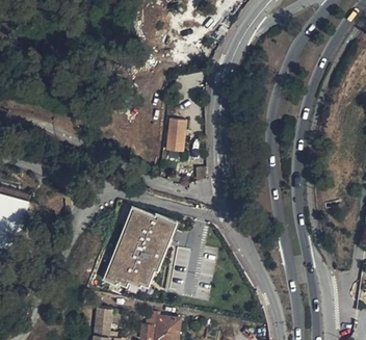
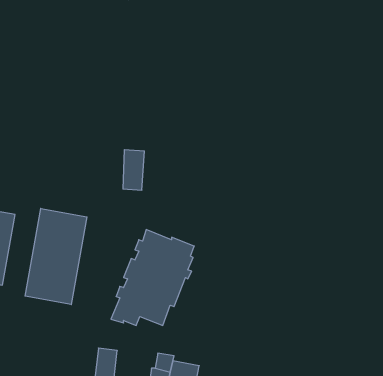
building: [172,117,189,151] -> [123,150,144,190]
building: none -> [25,208,87,305]

